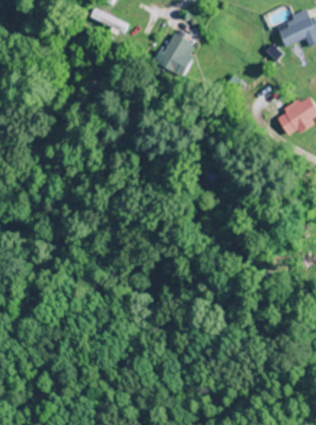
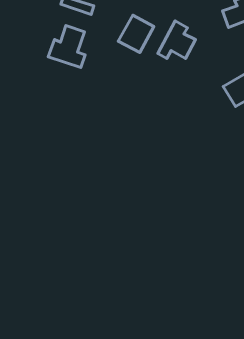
building: none -> [158,21,195,58]
building: none -> [48,26,85,68]

